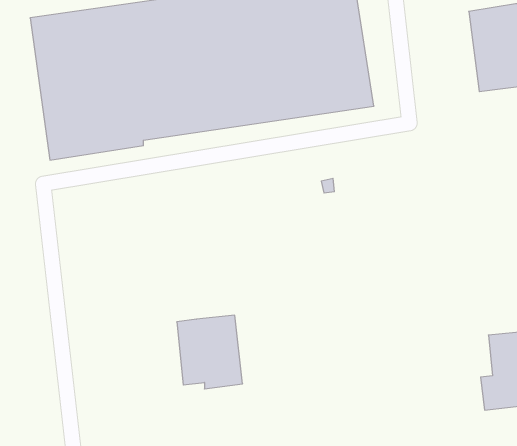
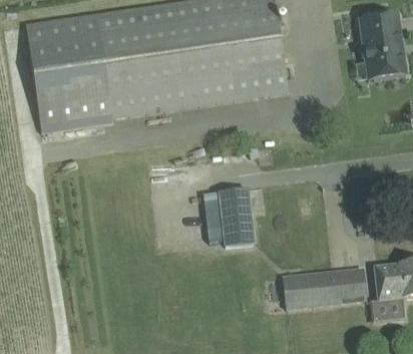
building: [177,315,243,389] -> [203,189,254,245]
building: none -> [283,267,366,307]

